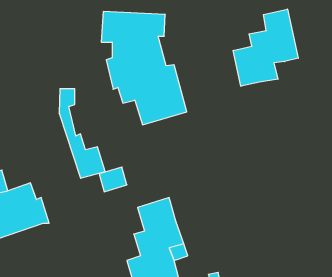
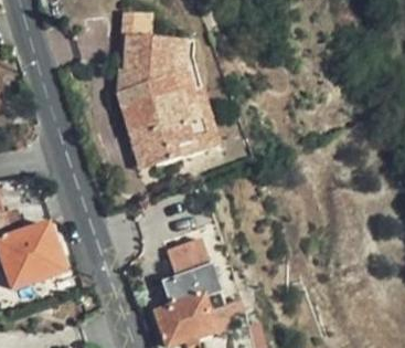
building: [233,9,298,86] -> none
building: [59,89,105,178] -> [122,67,174,168]

